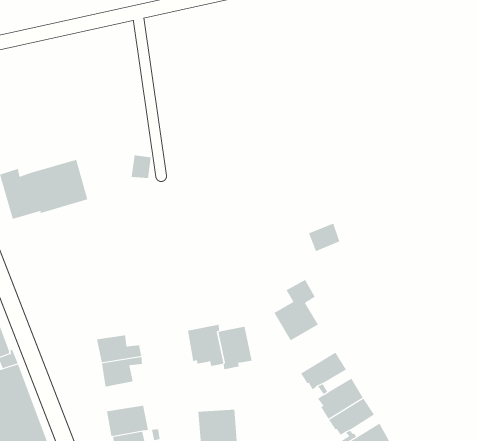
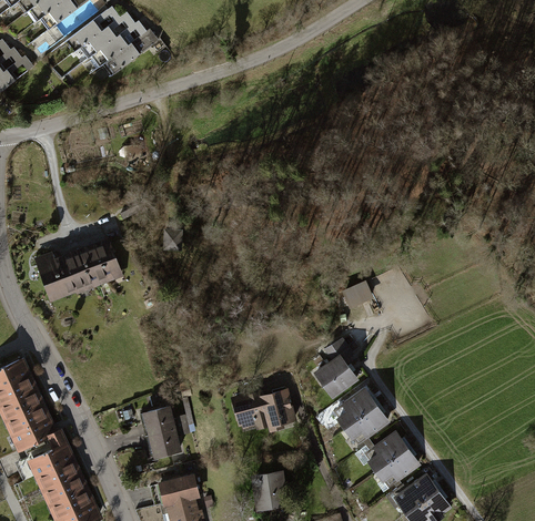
building: none -> [332,387,377,430]

